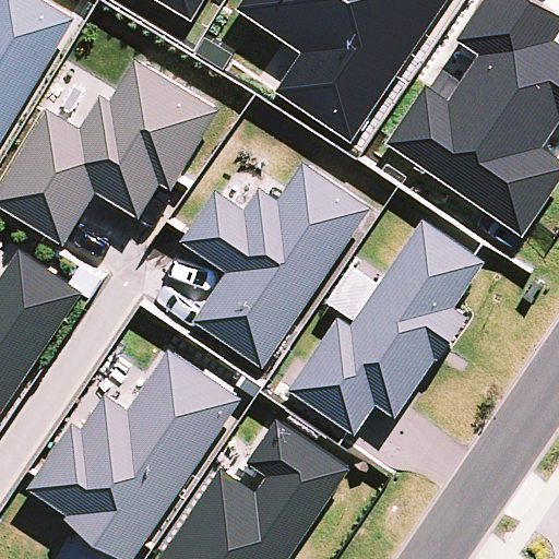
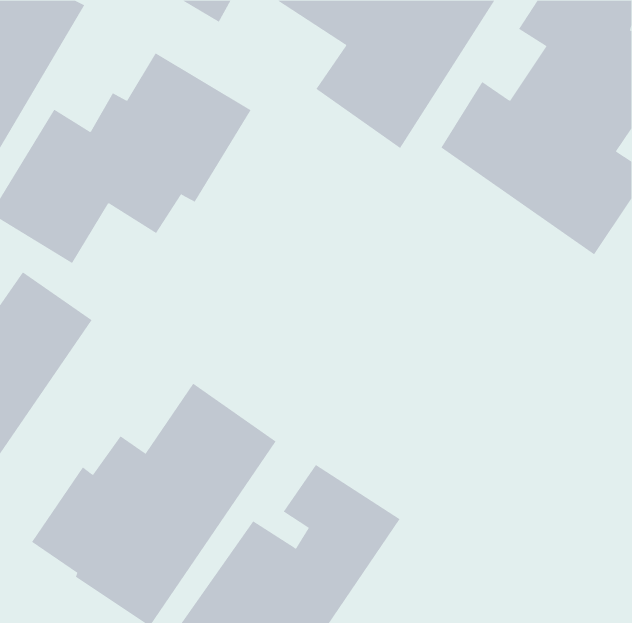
building: [182,164,370,369] -> none
building: [286,219,481,435] -> none

